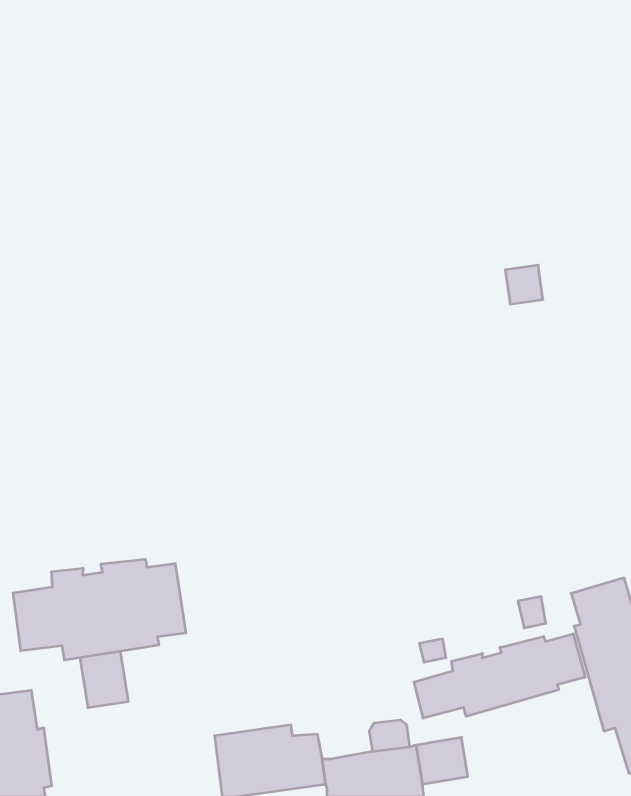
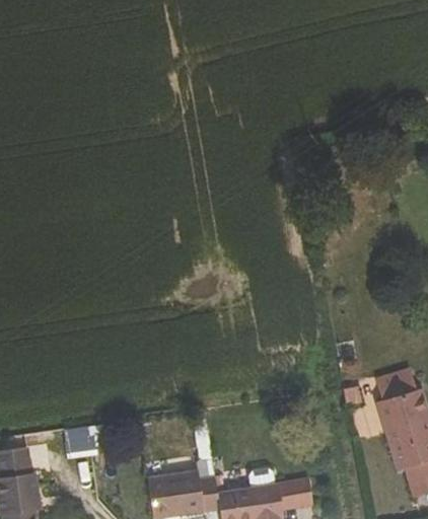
building: [13,559,186,660] -> none
building: [414,634,585,718] -> none

